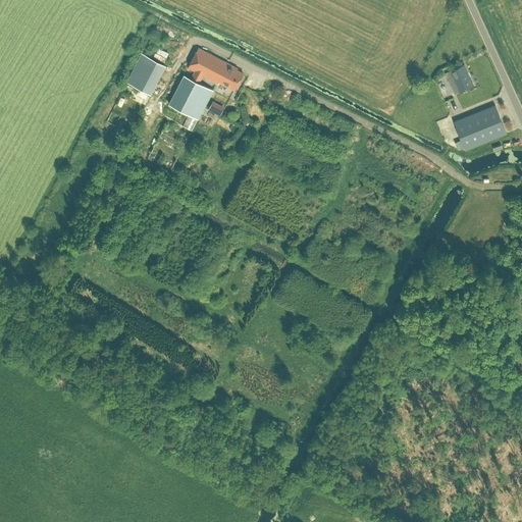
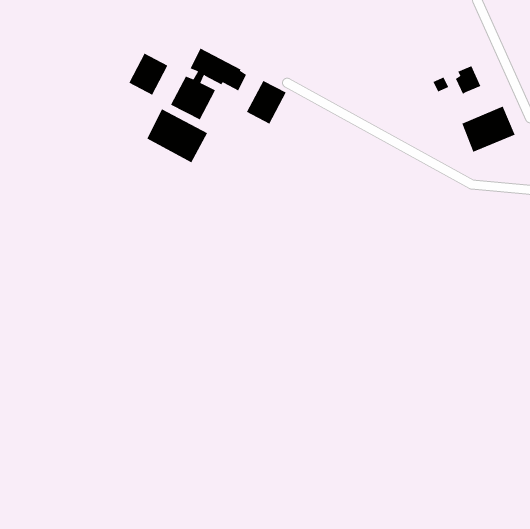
building: none -> [246,80,286,124]
building: none -> [147,109,208,163]

